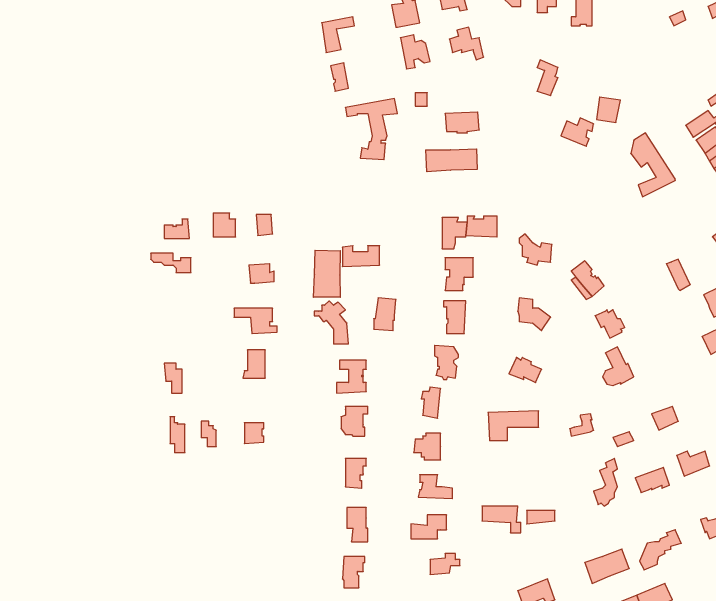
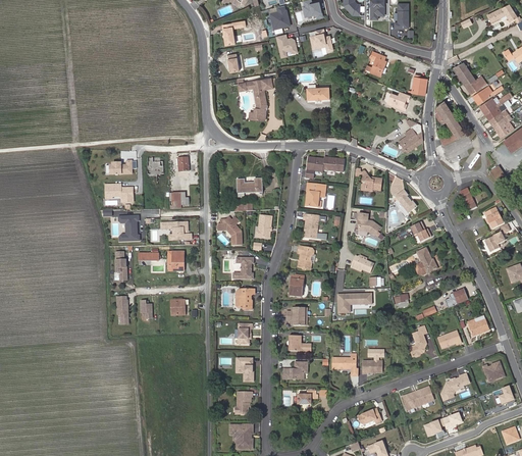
building: none -> [453,62,486,94]
building: [426,149,477,172] -> none
building: none -> [399,119,422,152]
building: [313,250,340,297] -> none
building: none -> [117,215,138,242]

